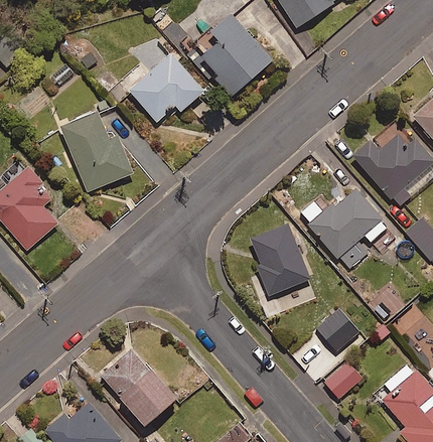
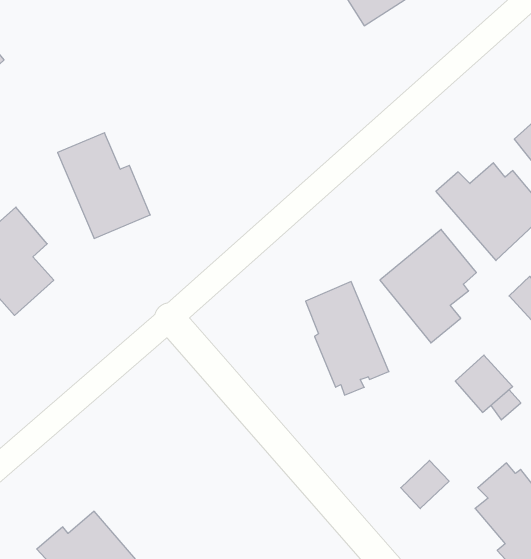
building: [190,16,277,101] -> none
building: [124,37,203,122] -> none
building: [315,308,359,352] -> [455,355,513,412]
building: [100,346,174,423] -> none

